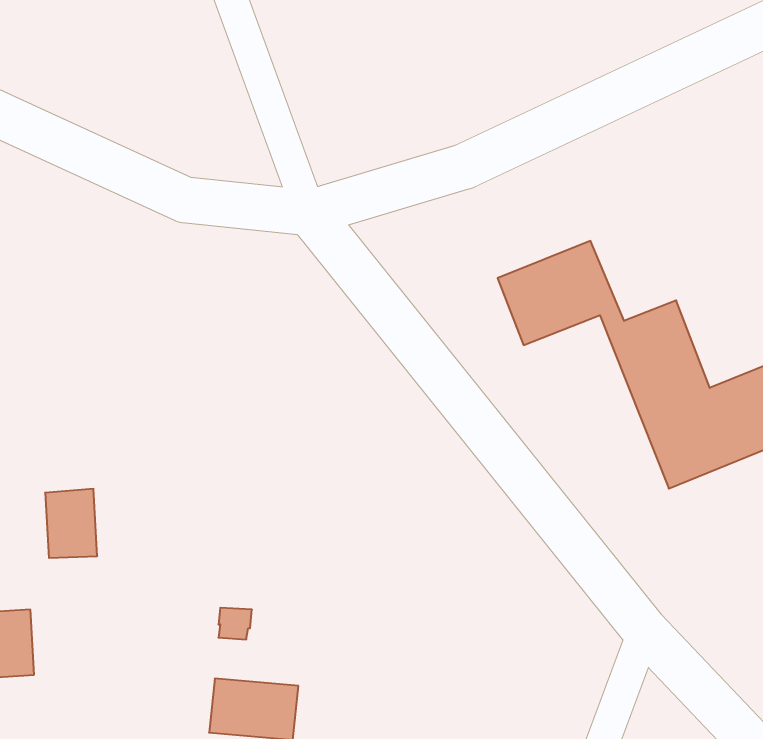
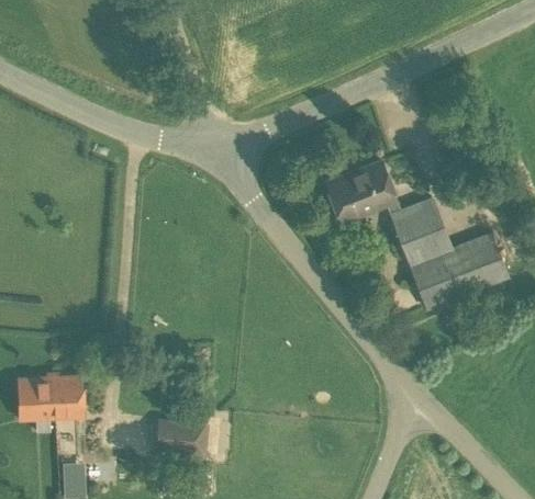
building: [45,489,97,558] -> [51,376,81,417]

